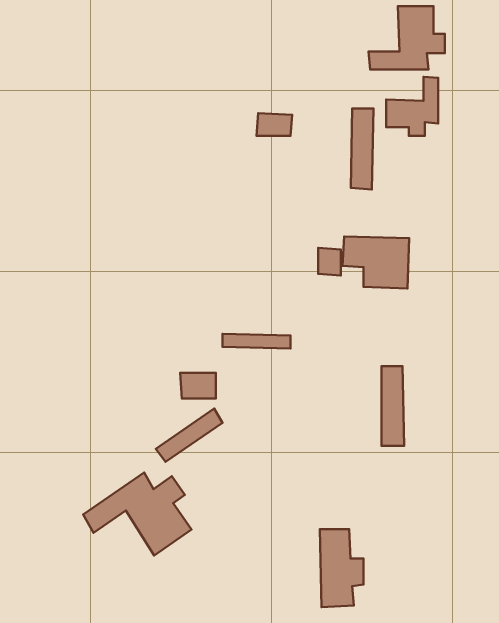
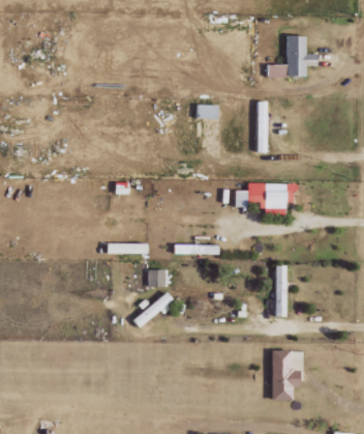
building: [386,77,438,136] -> none
building: [83,472,192,555] -> none
building: [320,529,364,607] -> [270,350,298,400]

